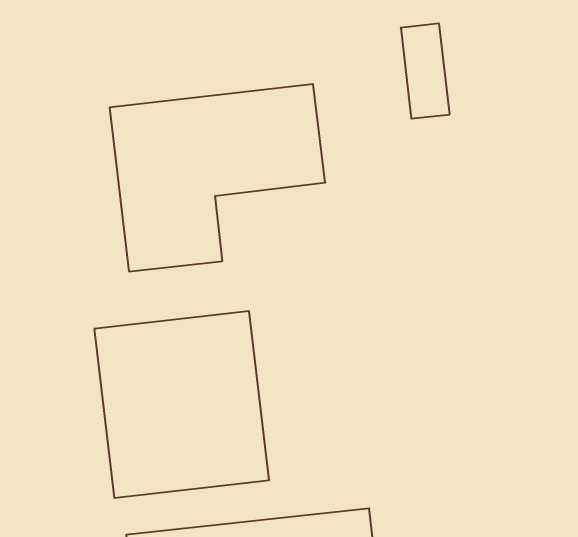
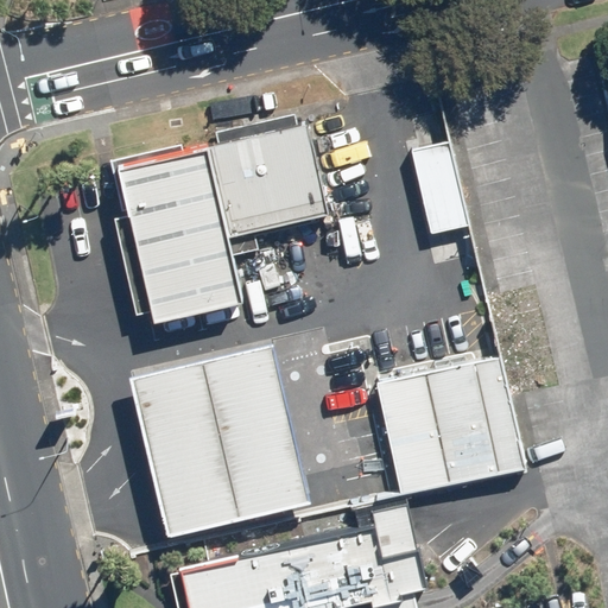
building: [401,24,450,119] -> [411,145,467,238]
building: none -> [372,357,517,499]

